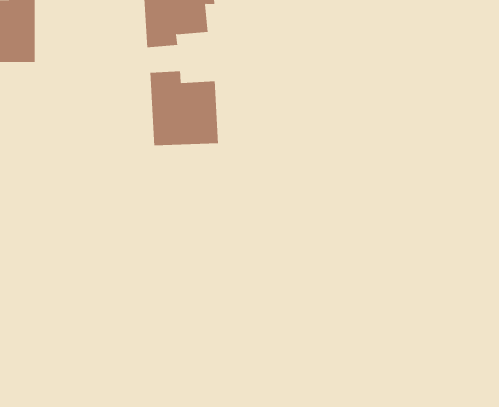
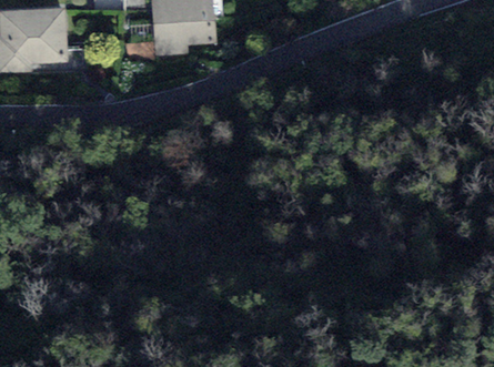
building: [150,71,219,146] -> none

